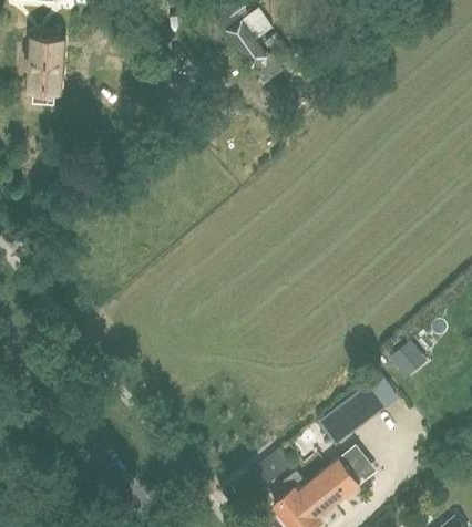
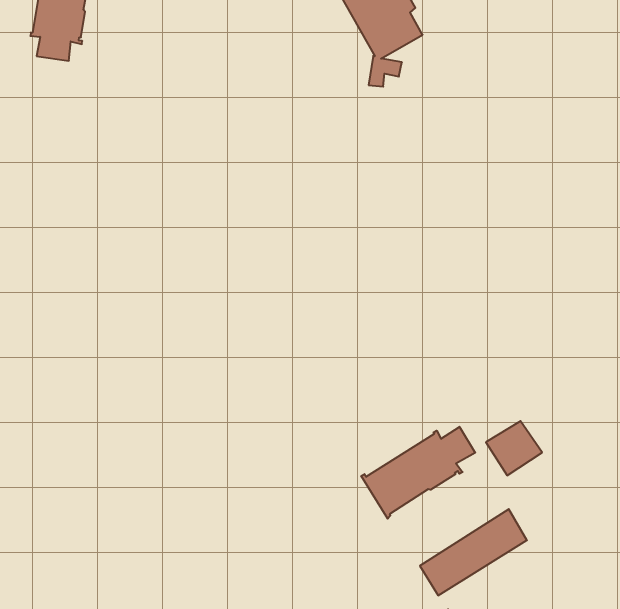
building: none -> [361,427,475,519]
building: [388,340,427,378] -> [486,421,542,475]

